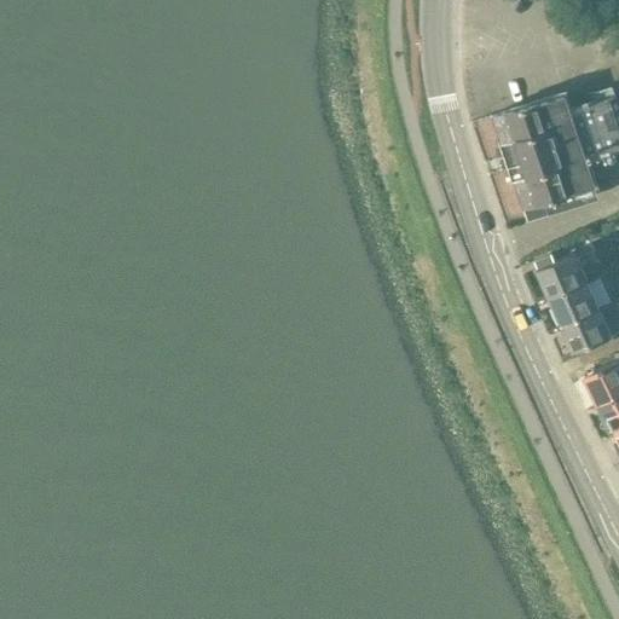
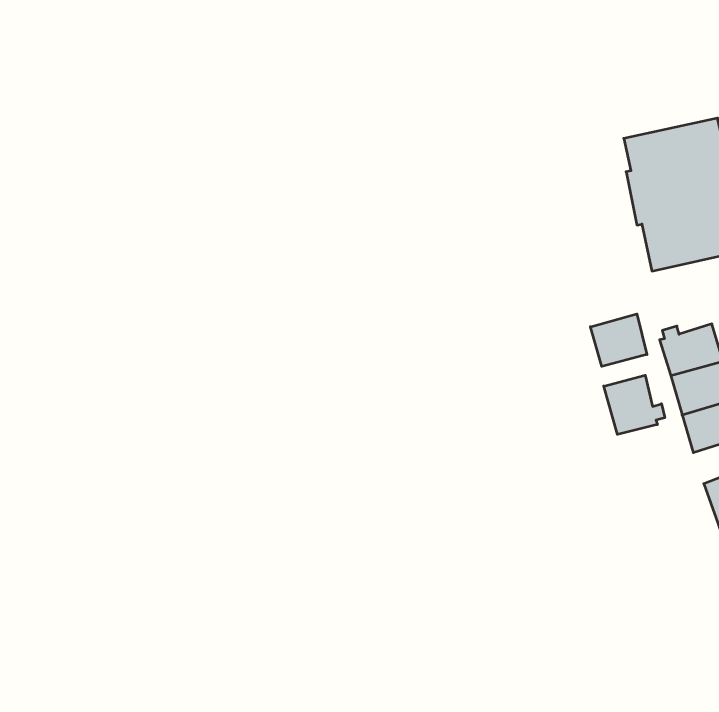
building: none -> [590,314,647,366]
building: none -> [604,375,665,434]

